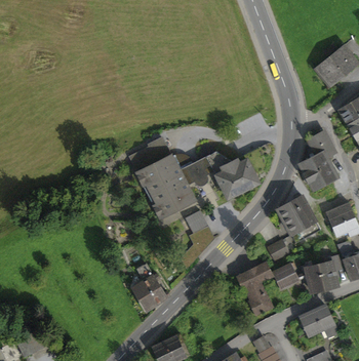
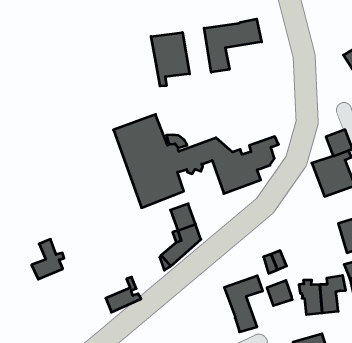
building: none -> [204,19,262,72]
building: none -> [151,32,190,86]
building: [277,196,319,243] -> none
building: [132,264,159,298] -> [32,239,64,279]

